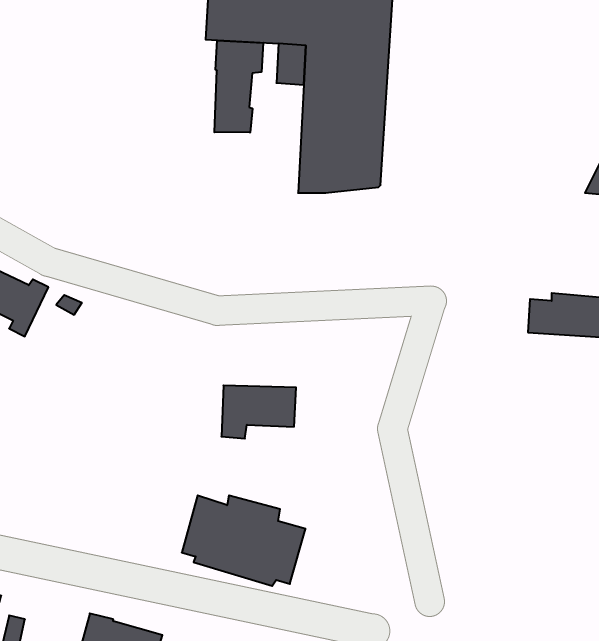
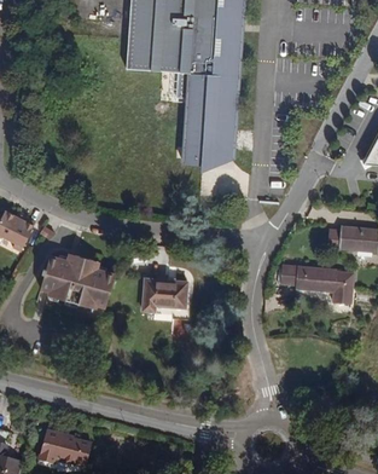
building: [214,40,263,133] -> none
building: none -> [279,272,354,312]
building: [182,495,306,586] -> [35,259,111,314]

